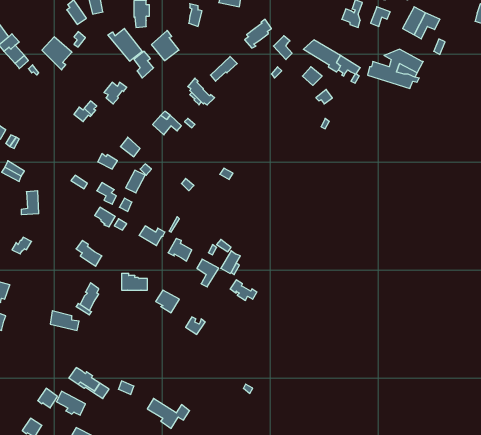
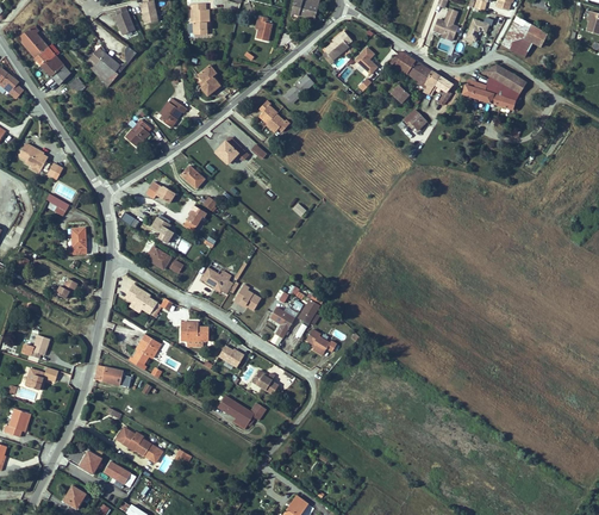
building: [108,28,142,61] -> none
building: [152,30,179,61] -> none
building: [147,398,190,428] -> [214,396,263,430]

